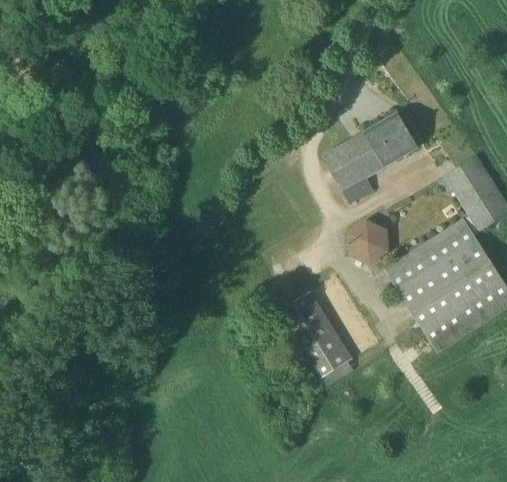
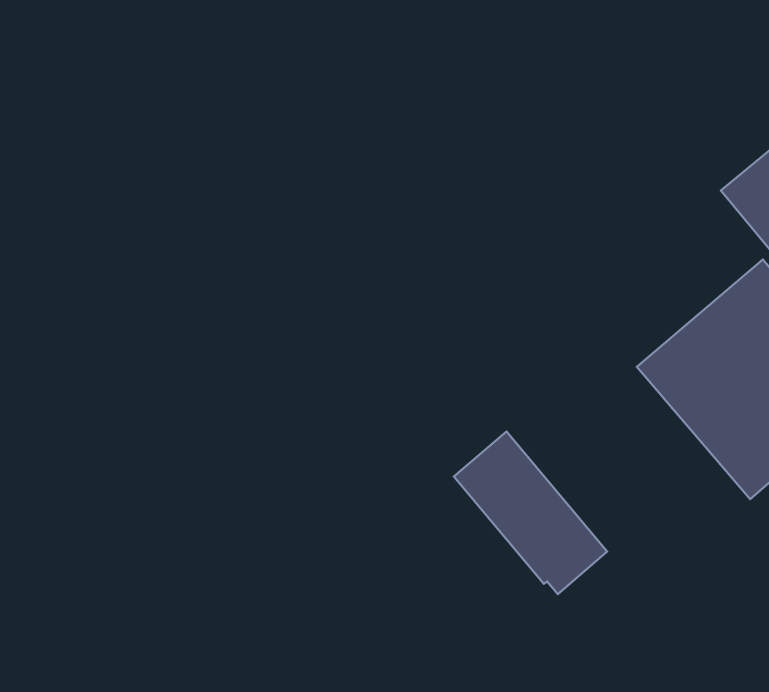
building: [323,113,419,203] -> none
building: [344,215,393,266] -> none

